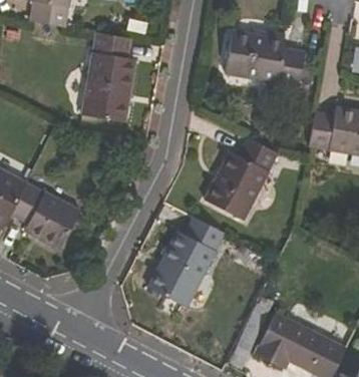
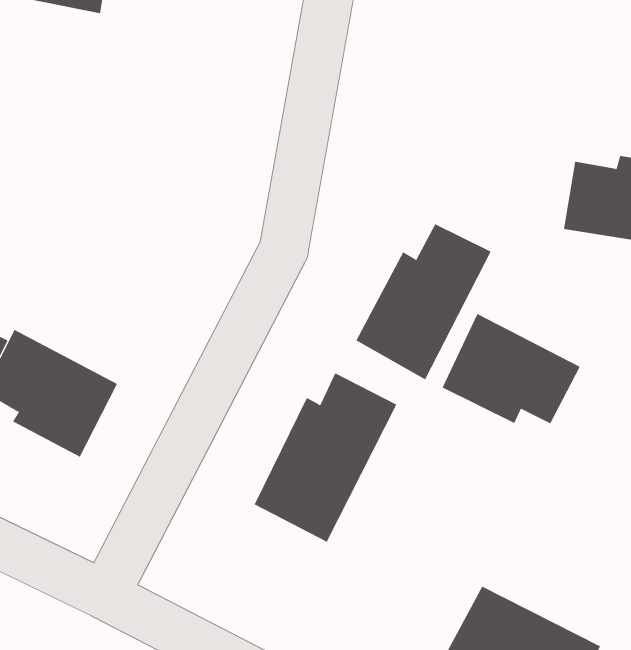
building: [232,18,310,76] -> none
building: [83,24,134,112] -> none
building: none -> [442,313,581,424]

